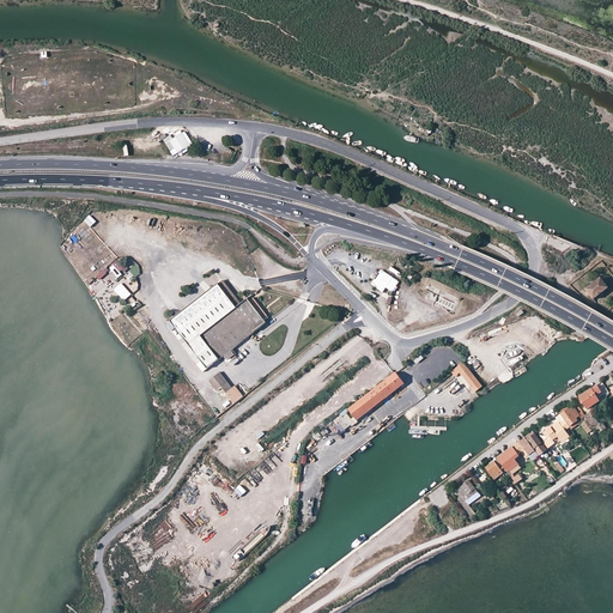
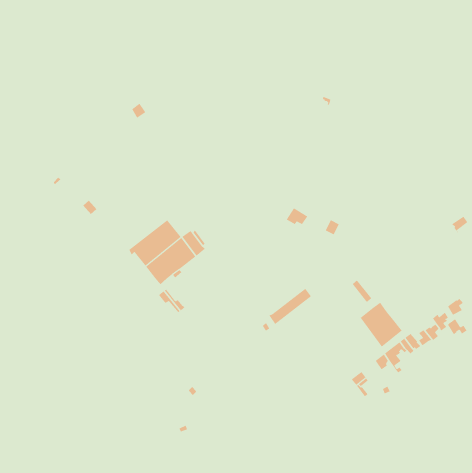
building: none -> [360,302,403,347]

